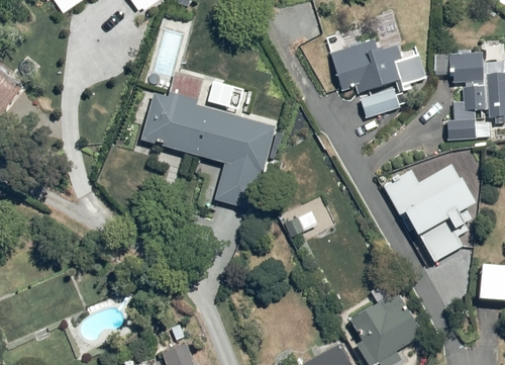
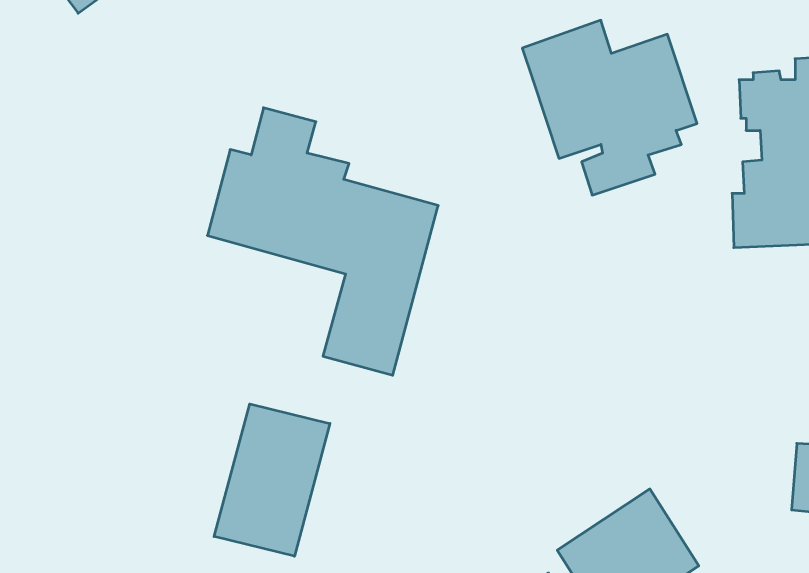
building: [380,163,478,261] -> none
building: none -> [214,404,330,556]

